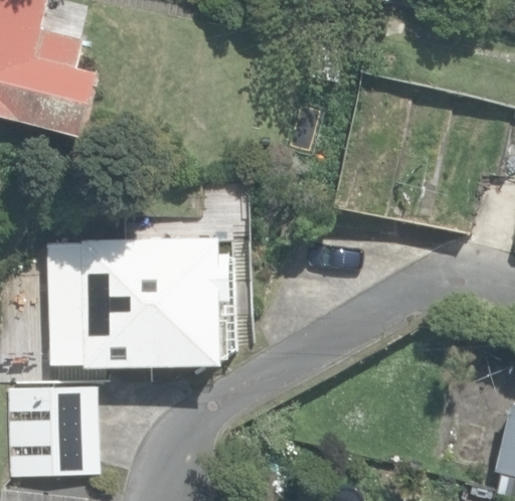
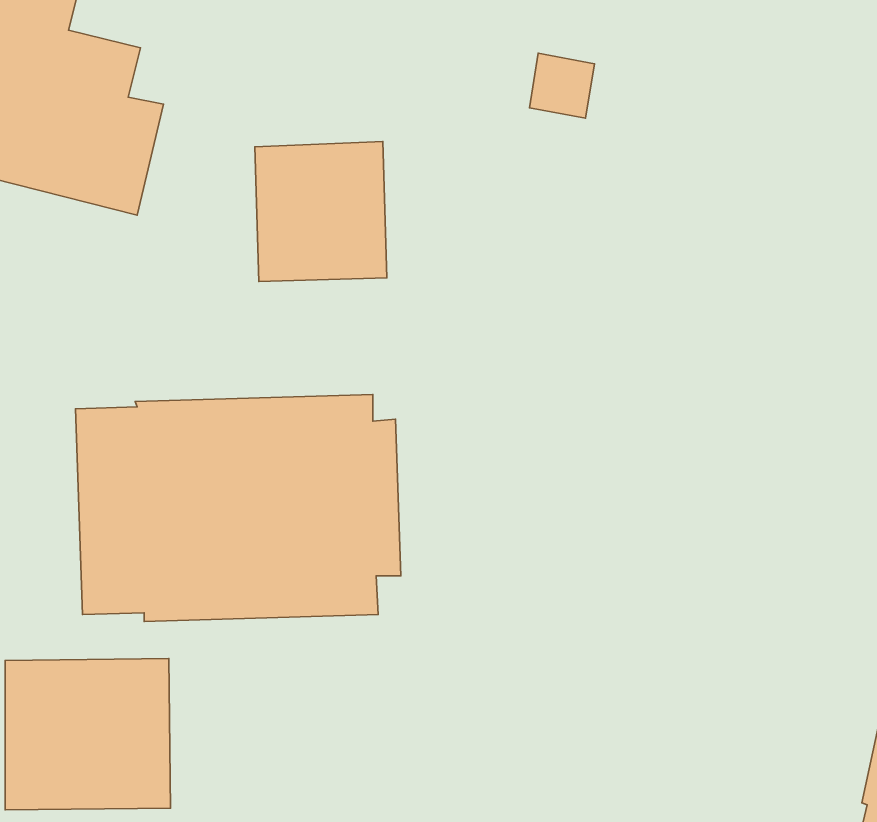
building: none -> [255,142,387,281]

